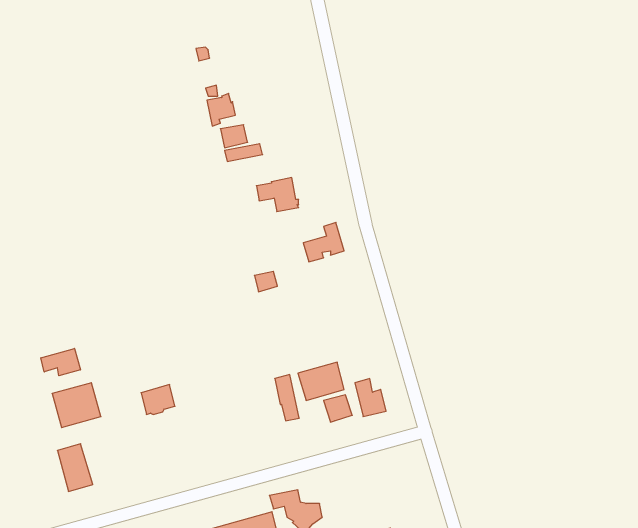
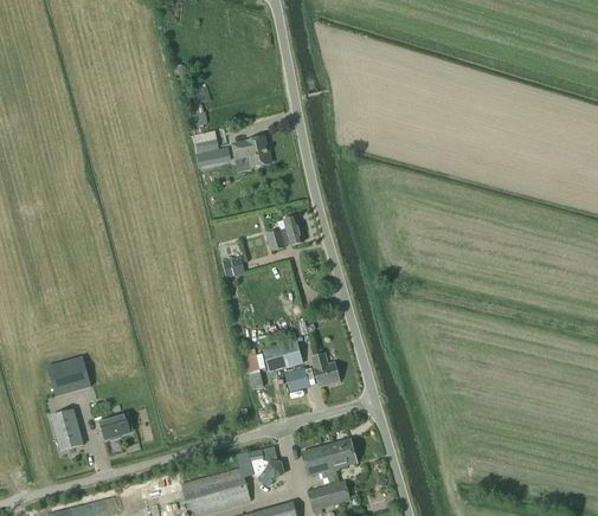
building: [256,178,299,212] -> [233,137,270,167]
building: [41,348,80,376] -> none
building: [141,385,175,414] -> [99,413,129,439]
building: none -> [301,439,356,477]

